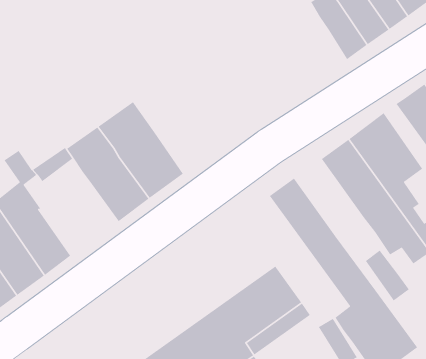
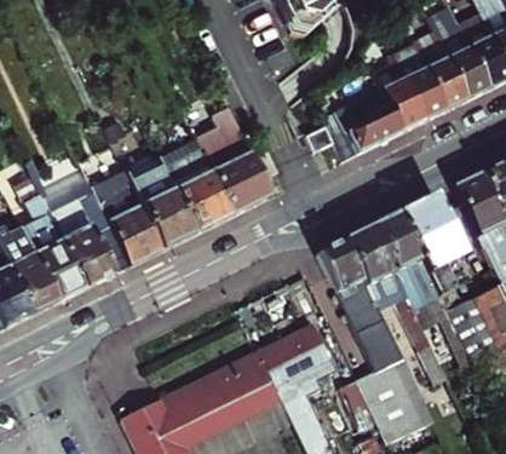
building: none -> [329,90,410,162]
building: none -> [203,109,276,215]
building: none -> [343,223,401,298]
building: none -> [116,207,171,268]

